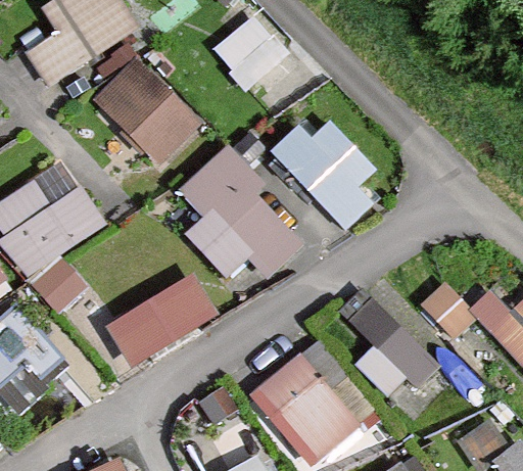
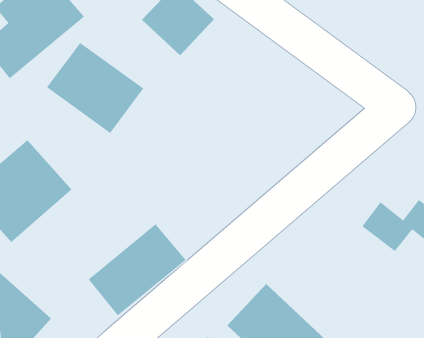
building: [273,122,380,233] -> none
building: [184,148,310,296] -> none
building: [340,293,442,392] -> none

